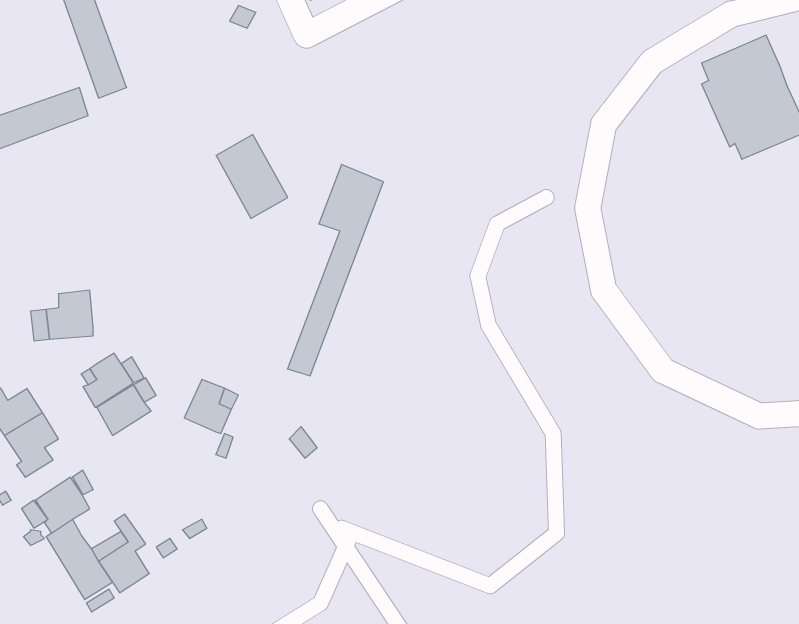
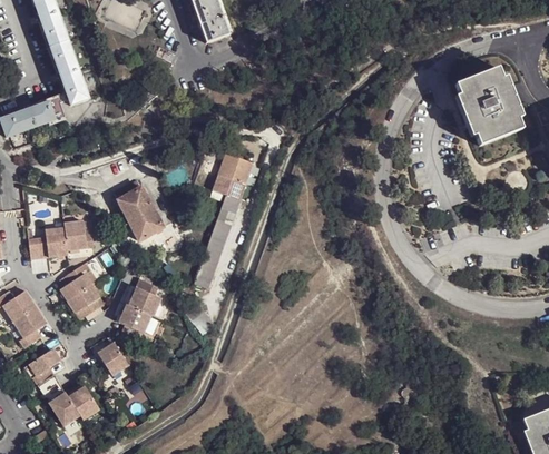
building: [216,134,288,218] -> [118,187,164,240]
building: none -> [66,220,89,250]
building: none -> [118,307,146,338]
building: none -> [99,342,130,374]

